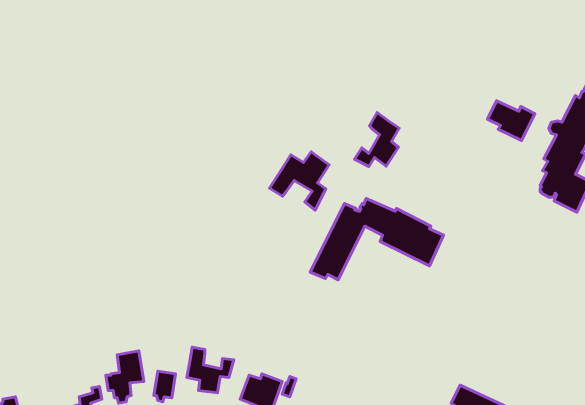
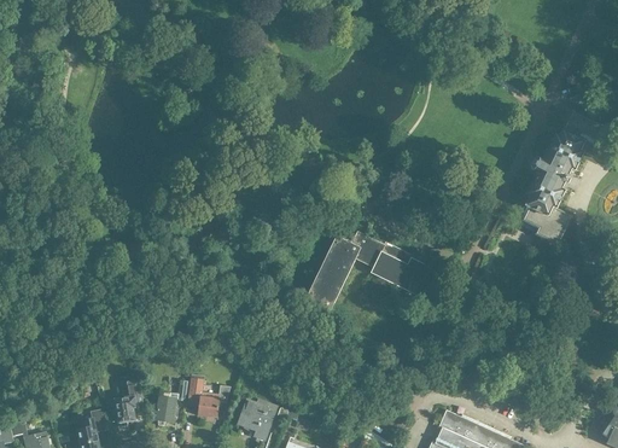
building: [488,101,535,140] -> none
building: [354,113,399,166] -> none
building: [270,152,329,210] -> none

